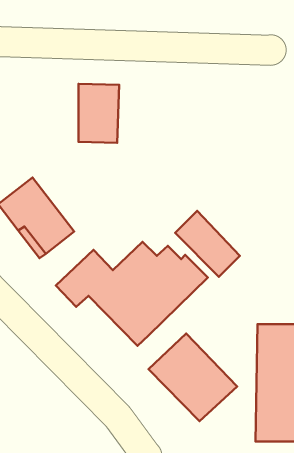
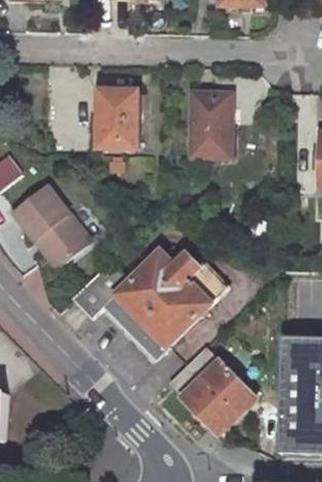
building: none -> [190,91,231,157]
building: [175,211,240,277] -> none

